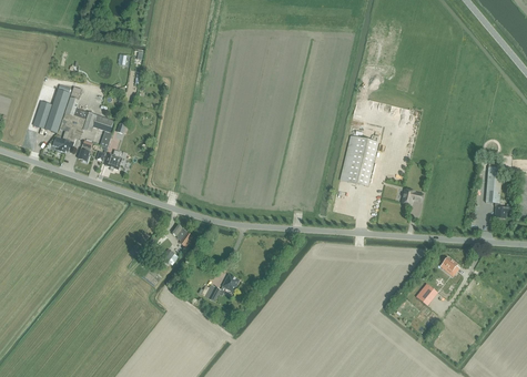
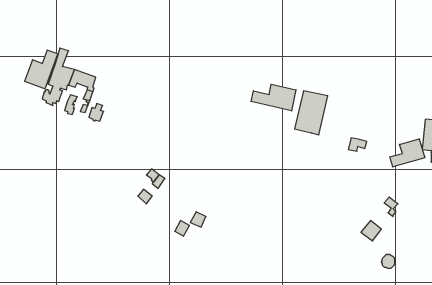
building: none -> [251,84,296,111]
building: none -> [390,139,425,167]

